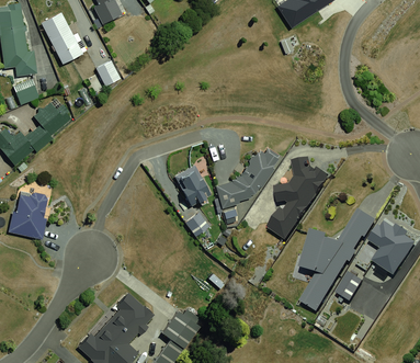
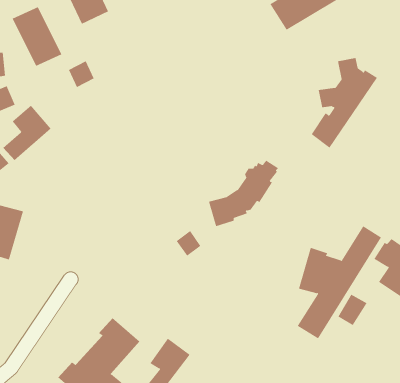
building: [269,156,330,239] -> [311,58,378,148]
building: [178,166,214,206] -> none

